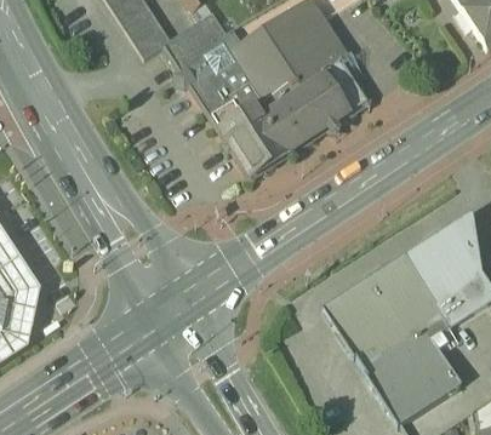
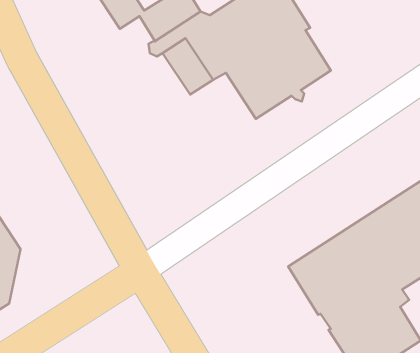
building: [218,102,287,174] -> none

